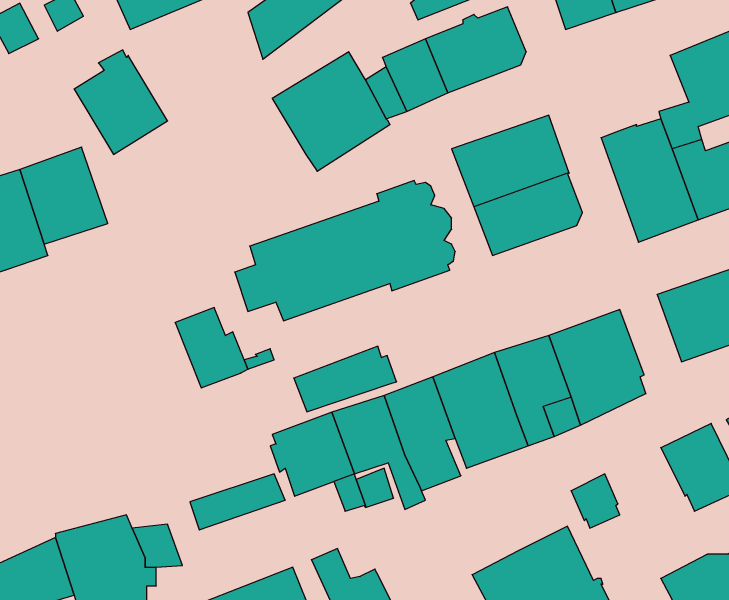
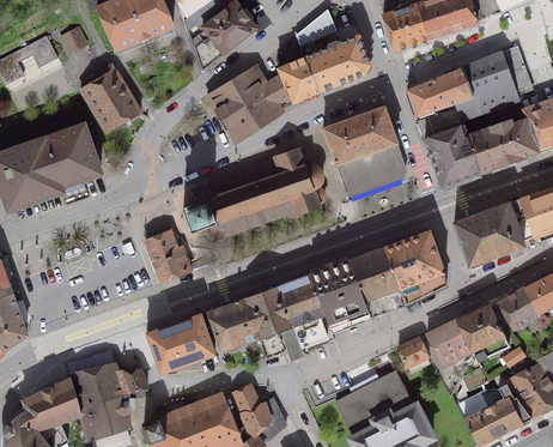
building: none -> [407,68,474,117]
building: [294,346,397,412] -> [146,313,212,355]
building: none -> [427,320,472,366]

